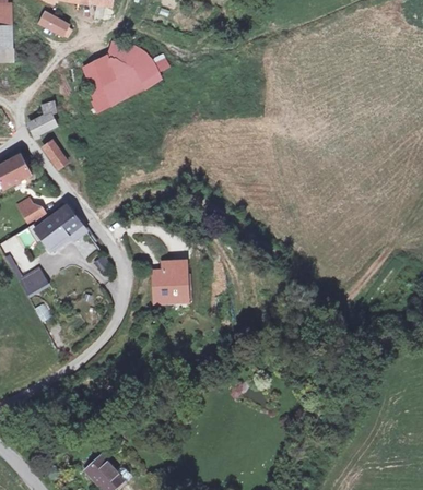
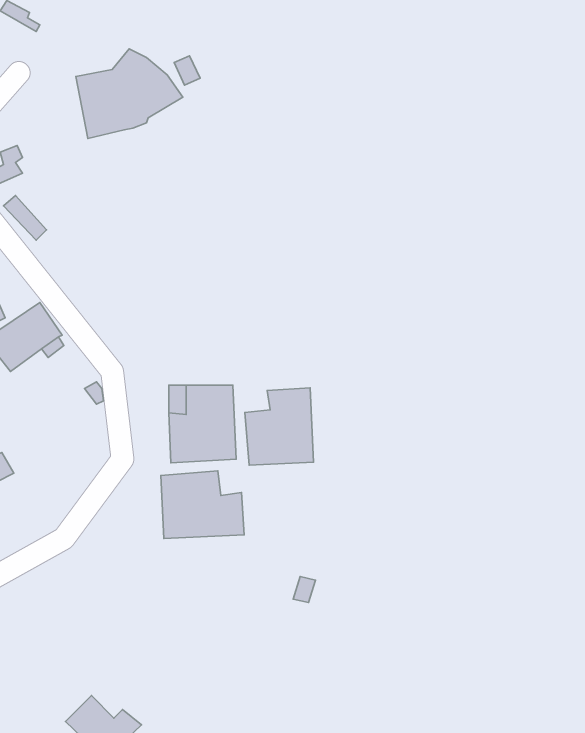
building: none -> [245,388,313,465]
building: none -> [161,471,244,538]

